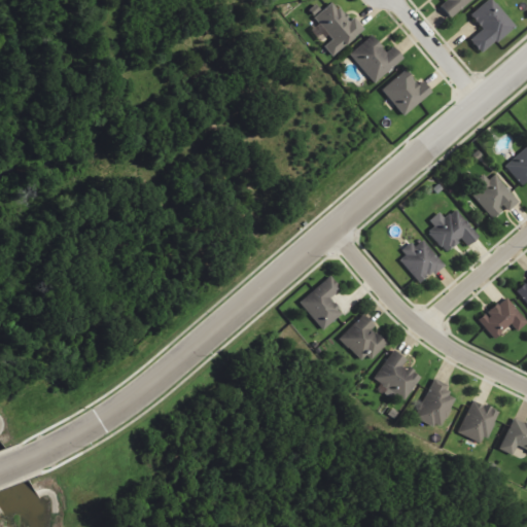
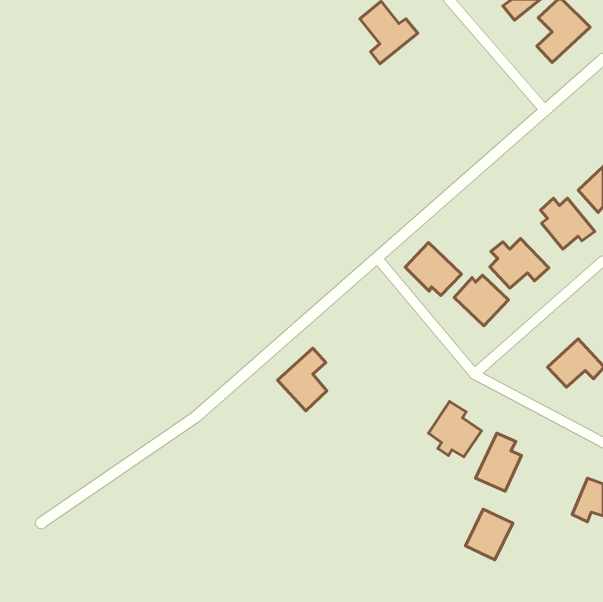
building: [348,35,402,83] -> none
building: [381,69,431,115] -> none
building: none -> [405,242,461,296]
building: [298,275,342,329] -> [277,348,327,411]
building: [339,314,385,363] -> none
building: [457,399,498,444] -> [465,509,513,560]

